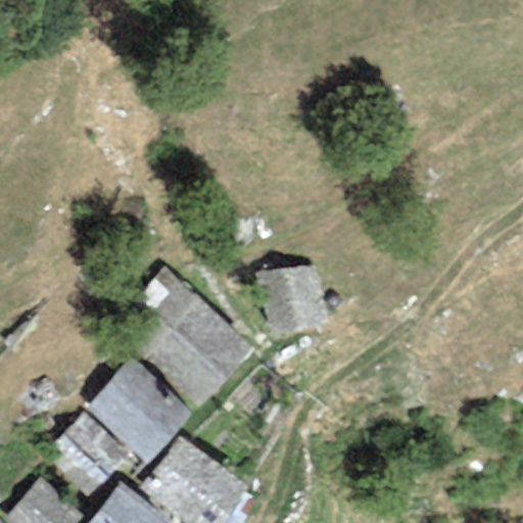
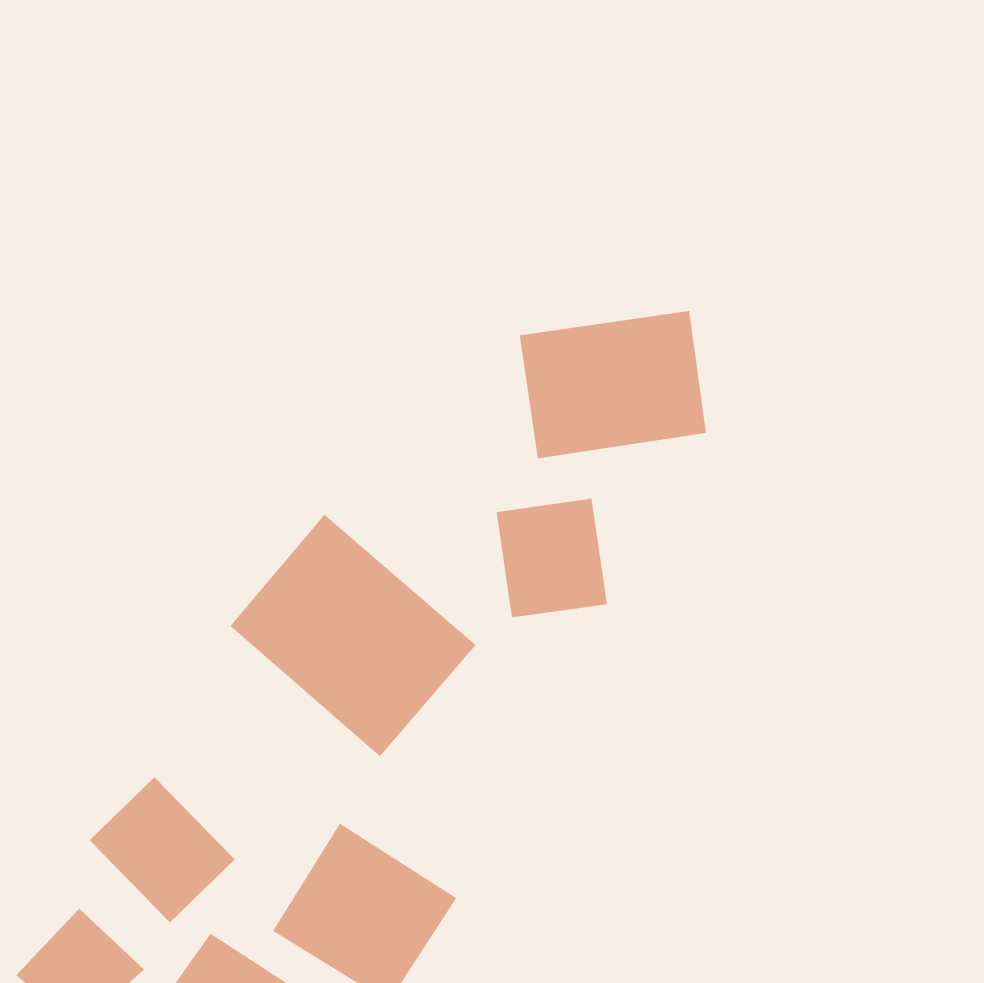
building: none -> [519,310,706,459]
building: [93,359,186,451] -> none

